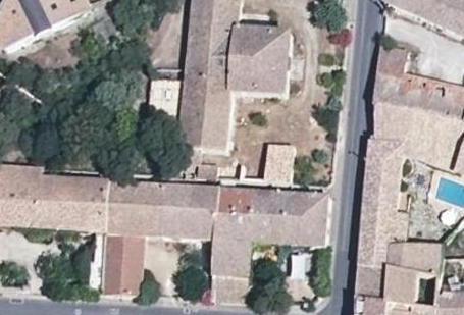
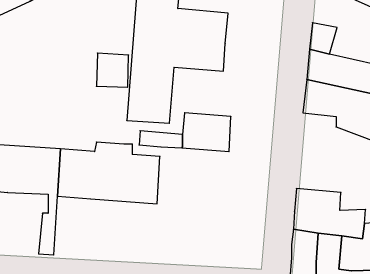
building: [363,141,412,226] -> none
building: [209,188,330,302] -> none
building: [102,230,142,296] -> none

